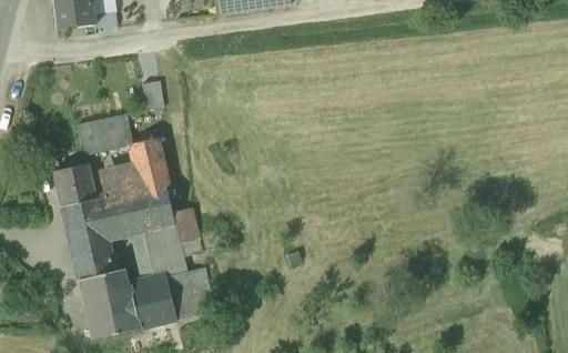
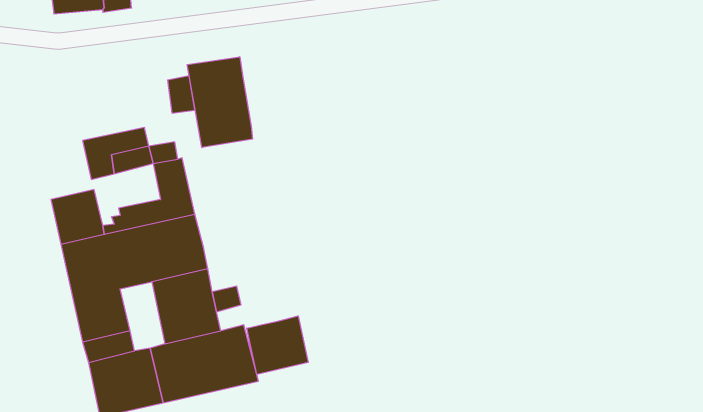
building: none -> [187,57,253,148]
building: [172,204,197,242] -> none
building: none -> [247,316,308,375]

